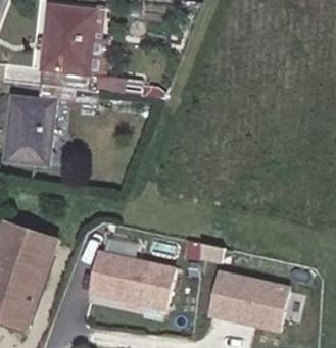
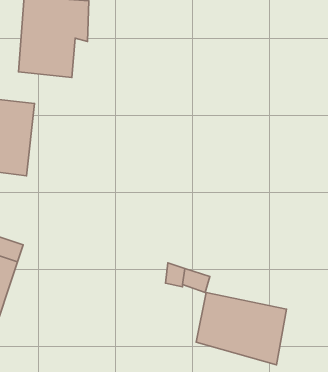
building: [84,249,172,314] -> none

